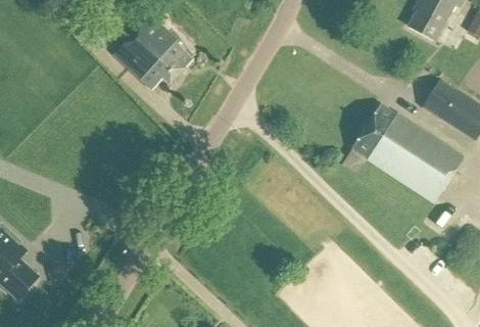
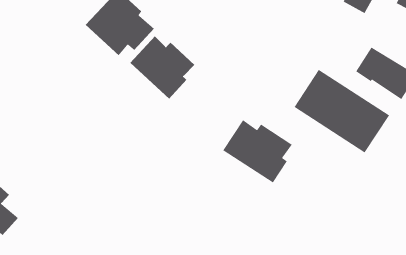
building: none -> [129,36,195,99]
building: none -> [222,119,293,184]

